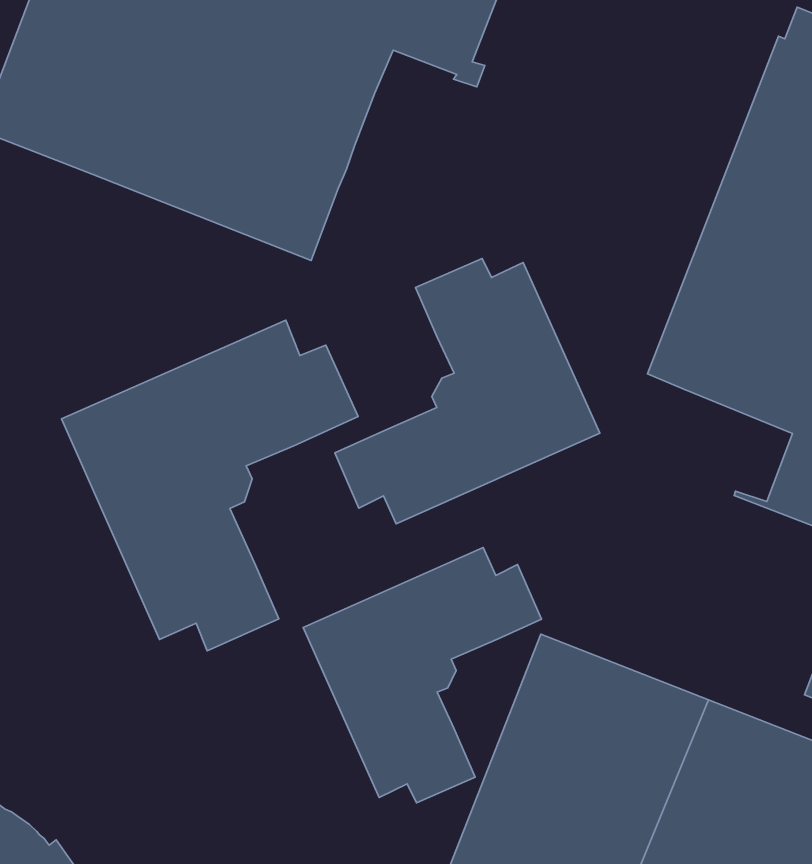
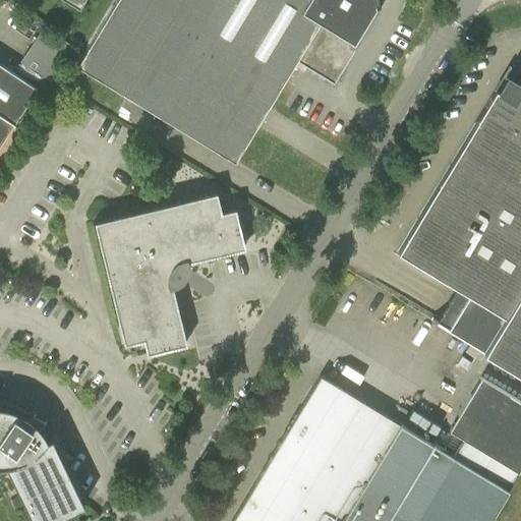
building: [335,258,600,524] -> none
building: [303,547,541,803] -> none

